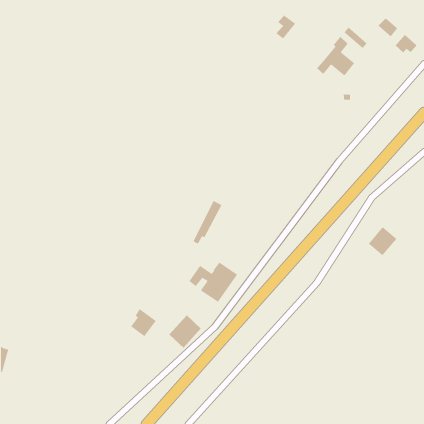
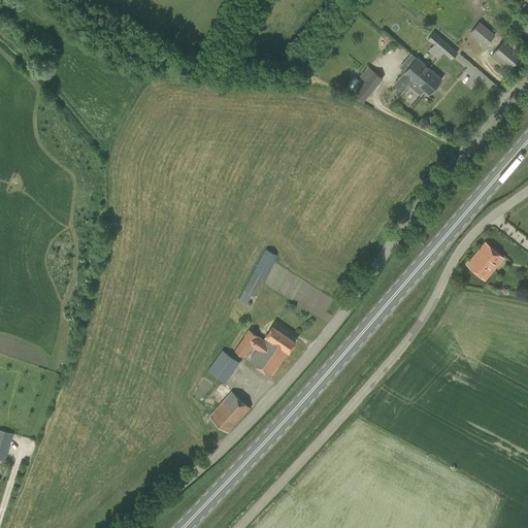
building: [276,15,296,39] -> [357,67,383,98]
building: [368,226,398,256] -> [466,242,503,279]
building: [130,308,157,337] -> [207,348,240,384]

